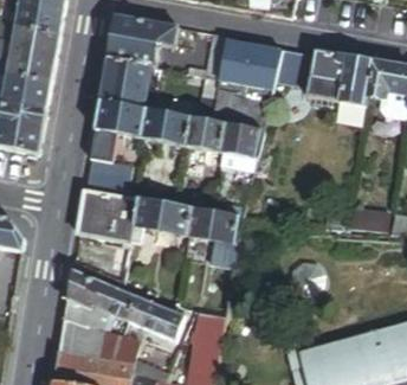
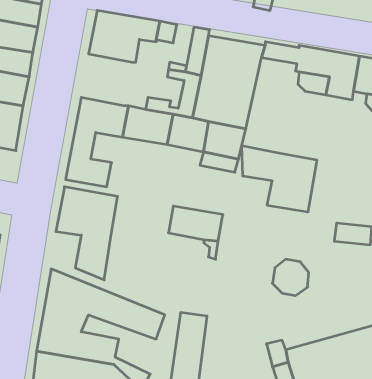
building: [102,58,151,109] -> none
building: none -> [242,145,317,212]
building: [130,198,192,242] -> none

